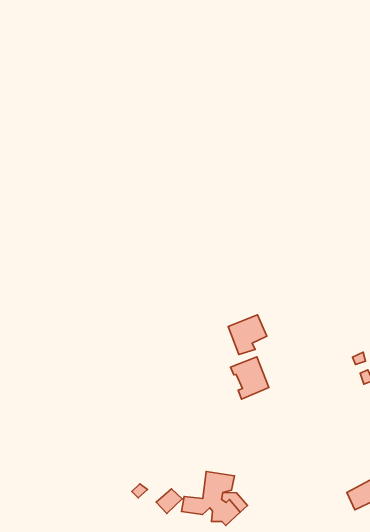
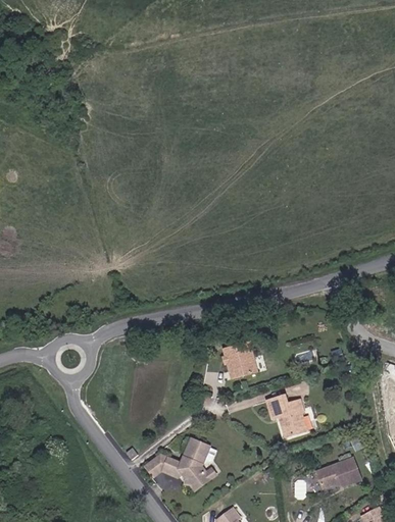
building: [228,315,267,354] -> none
building: none -> [267,396,308,437]

